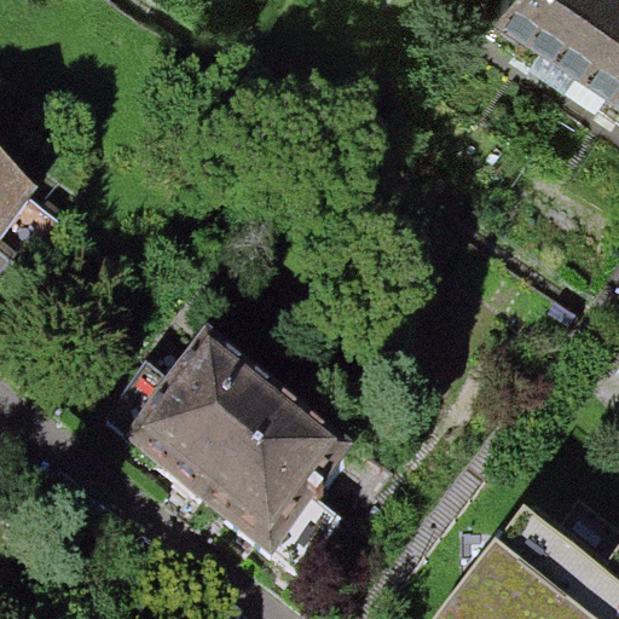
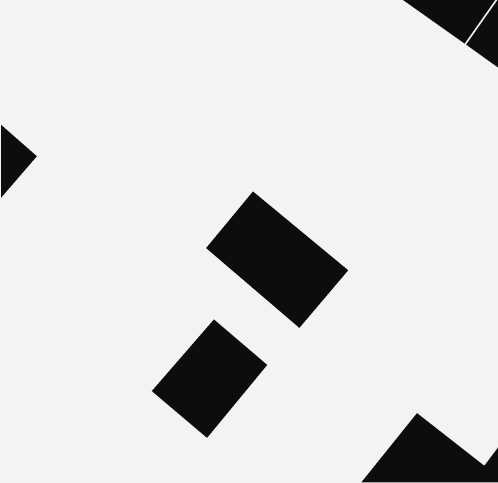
building: none -> [205,190,350,329]
building: [127,342,266,485] -> none

